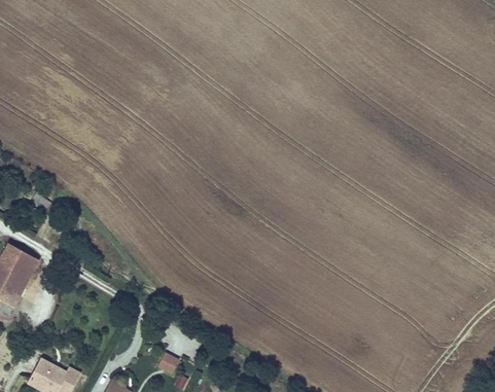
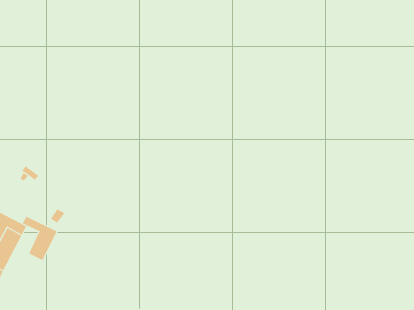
building: none -> [22,216,57,261]

